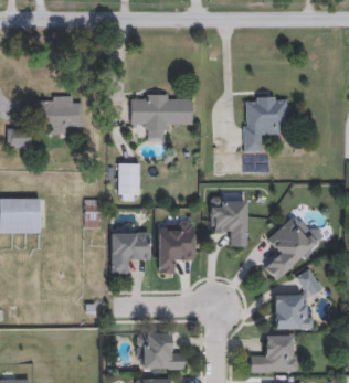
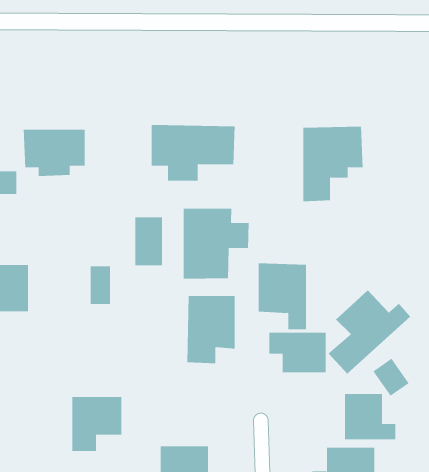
building: none -> [183,208,249,280]
building: [112,232,149,273] -> [72,396,122,451]
building: none -> [269,332,326,373]

